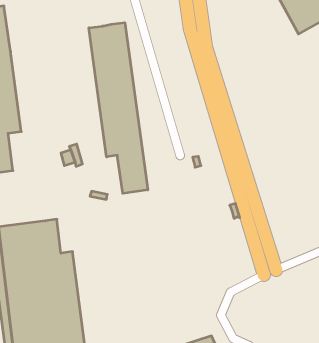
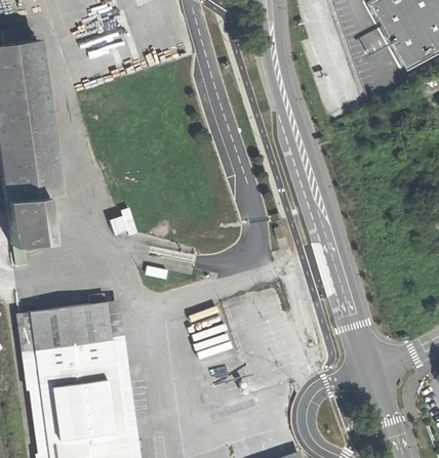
building: [89,23,148,193] -> none

